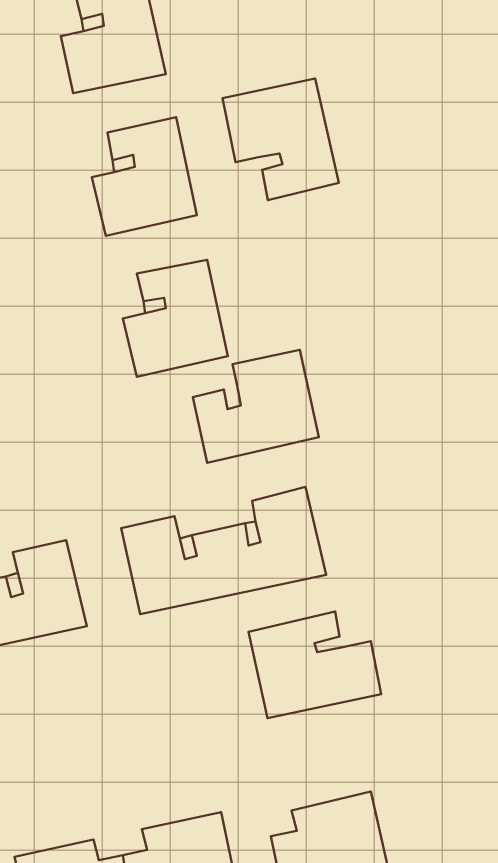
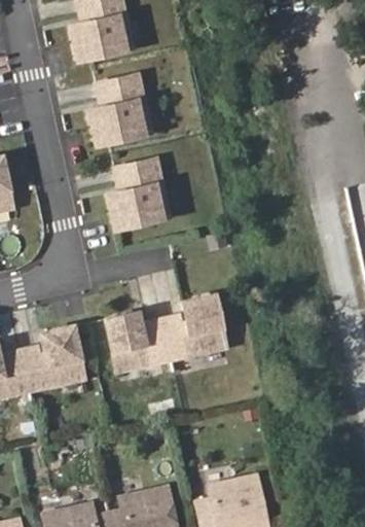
building: [222,78,339,200] -> none
building: [193,350,319,463] -> none
building: [248,611,381,718] -> none

